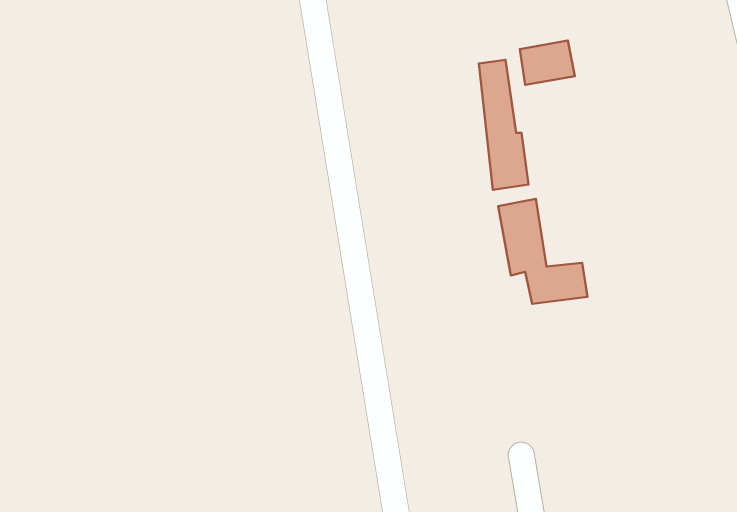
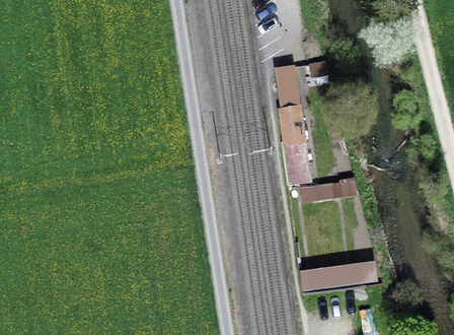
building: none -> [304,260,380,290]

